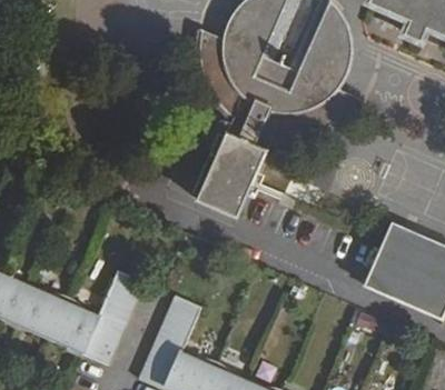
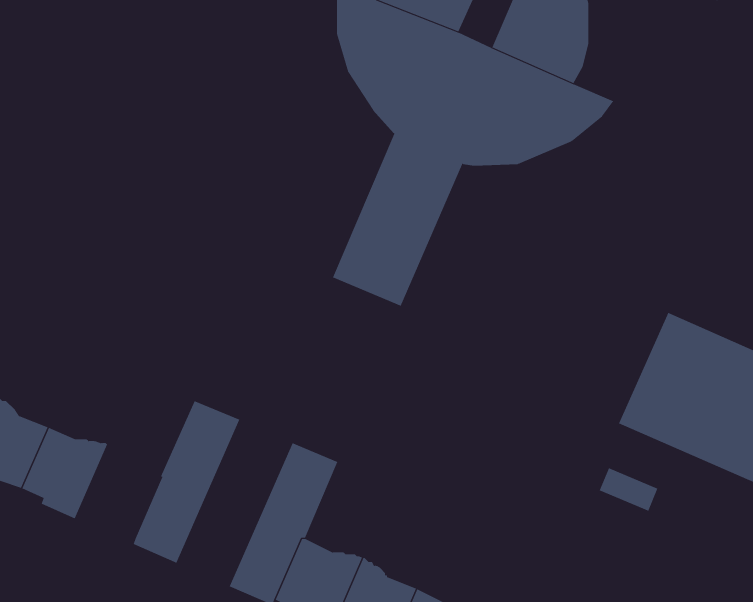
building: [48,297,98,351] -> none

